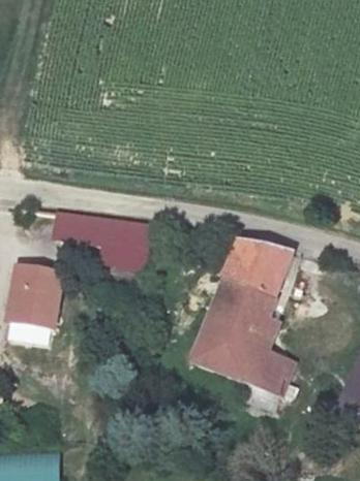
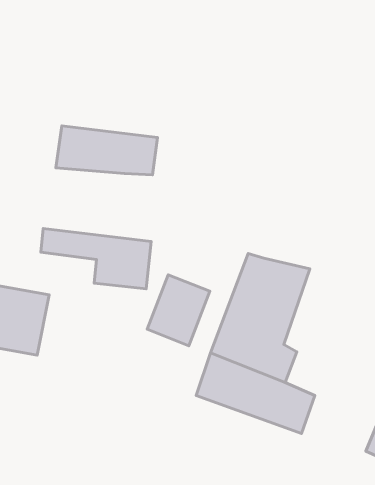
building: none -> [56,126,157,175]
building: none -> [147,275,210,346]

